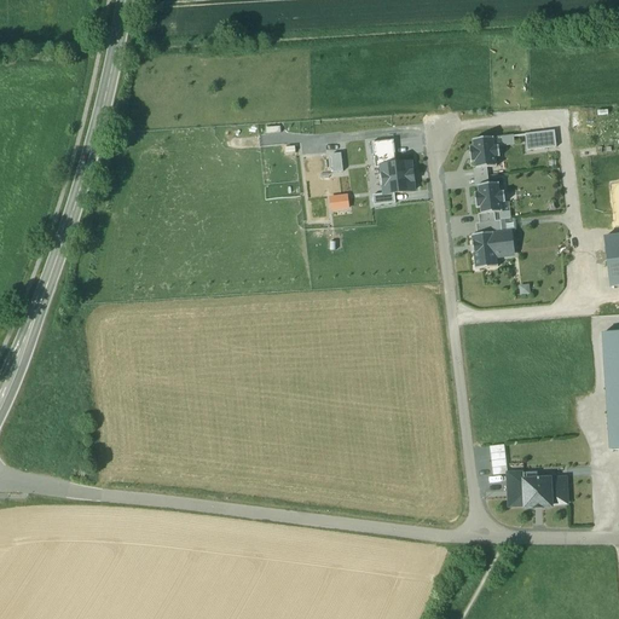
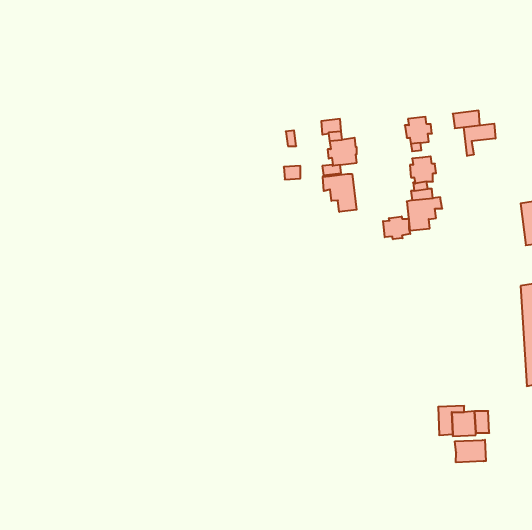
building: none -> [464,124,495,156]
building: none -> [323,174,357,212]
building: none -> [383,216,410,239]
building: none -> [455,440,486,462]

